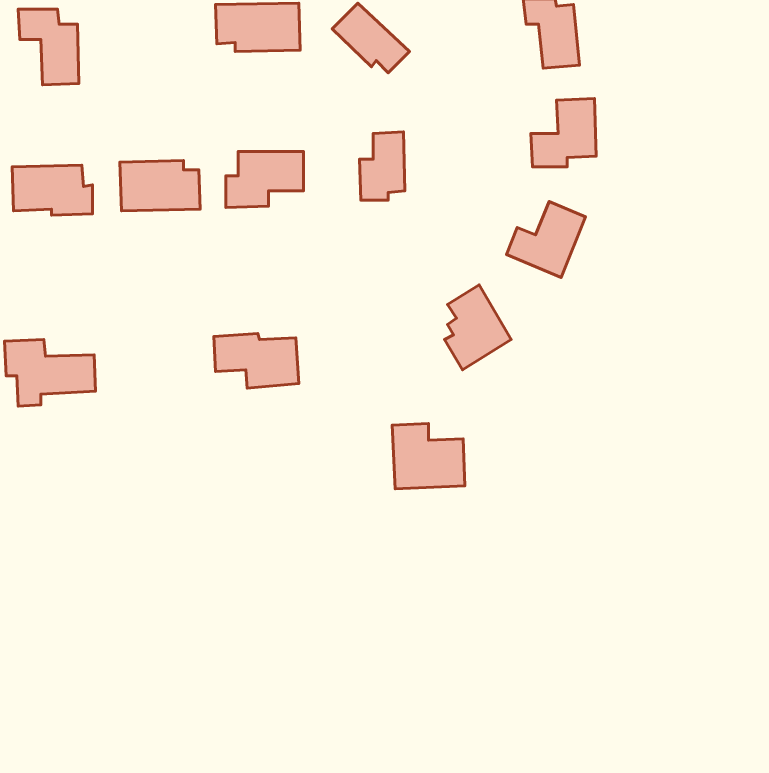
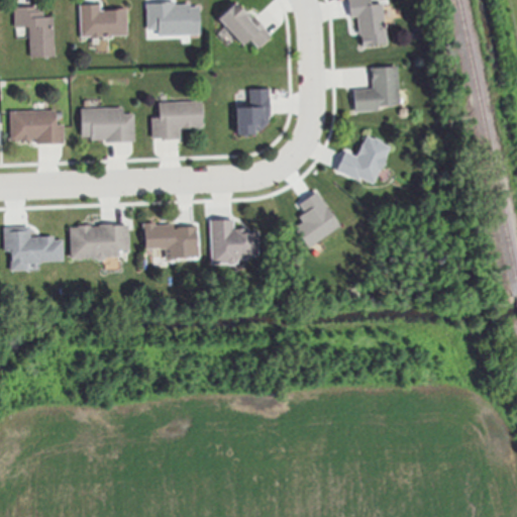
building: none -> [78,4,125,35]
building: none -> [70,224,128,258]
building: [392,424,465,489] -> [209,218,257,262]

